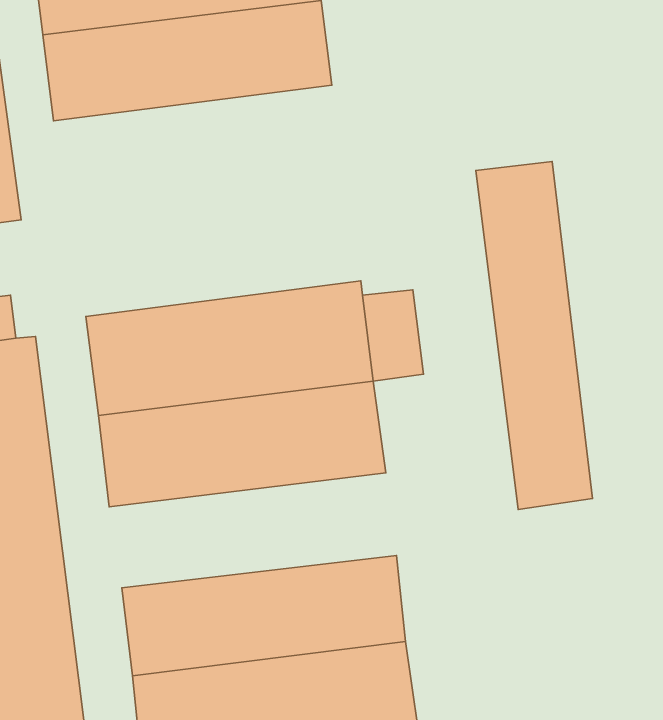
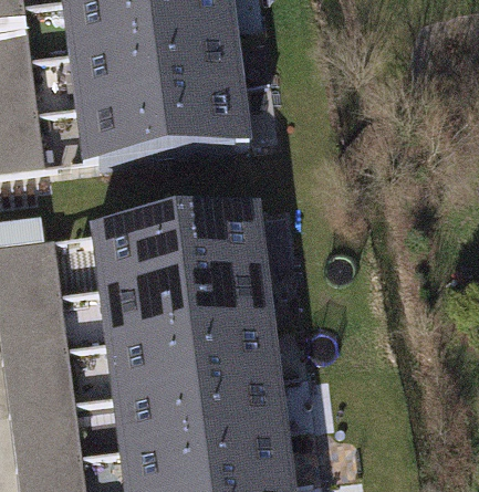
building: none -> [69,87,249,165]
building: [476,162,593,509] -> none
building: none -> [103,326,280,397]

